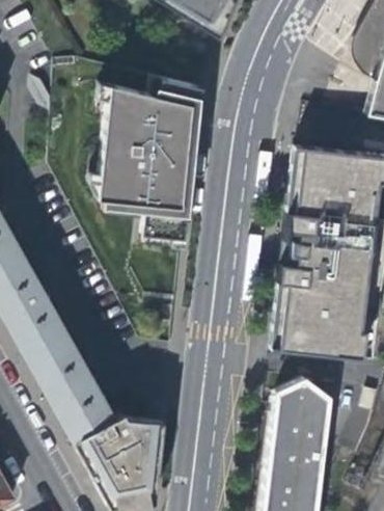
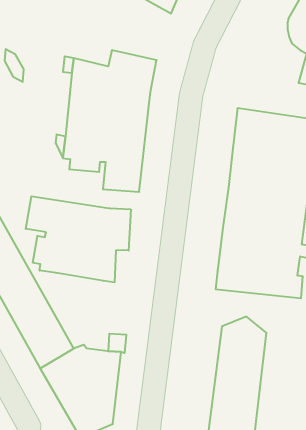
building: none -> [26,196,131,282]

